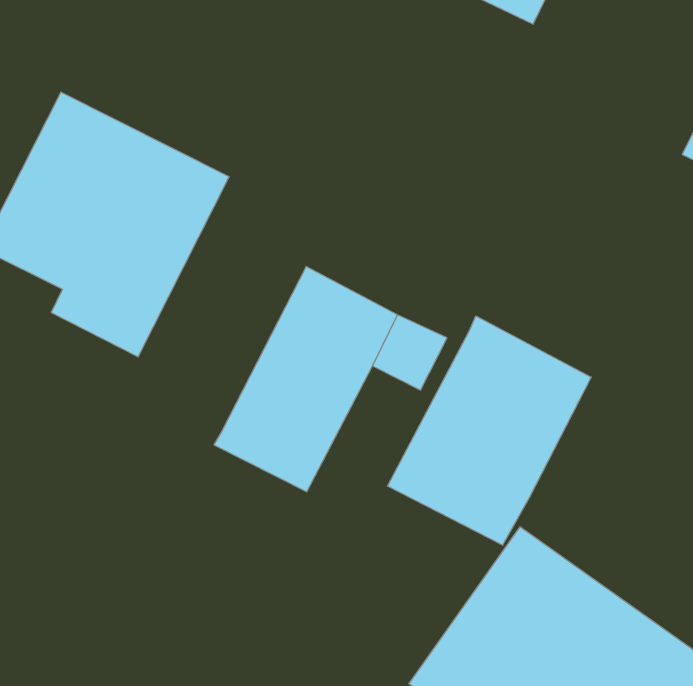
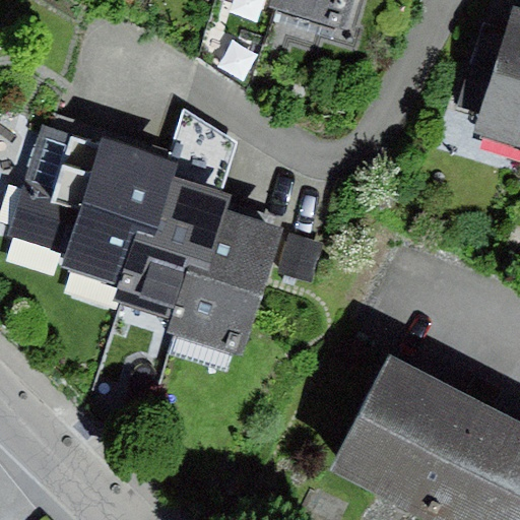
building: none -> [119,160,230,326]
building: [388,316,591,545] -> none

